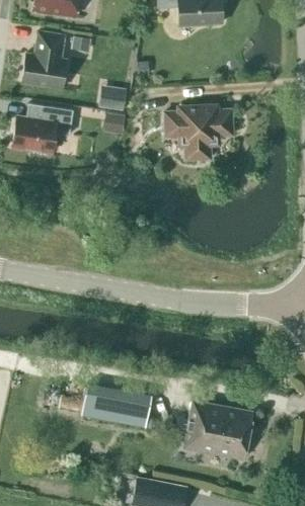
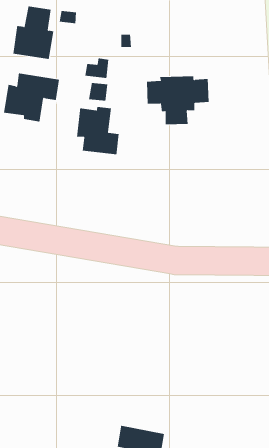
building: none -> [77,106,120,155]
building: [84,388,151,427] -> none
building: [187,400,254,459] -> none

